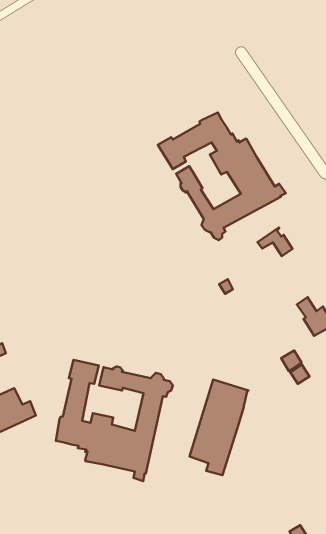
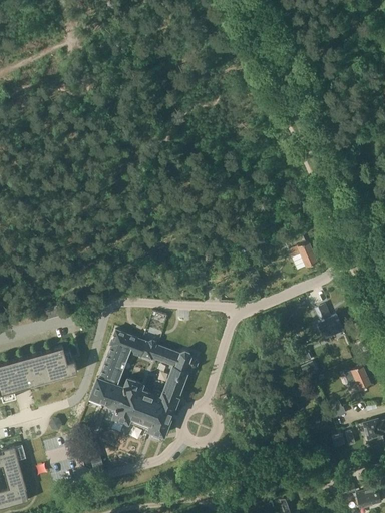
building: [158,113,286,240] -> none
building: [189,379,249,475] -> none

